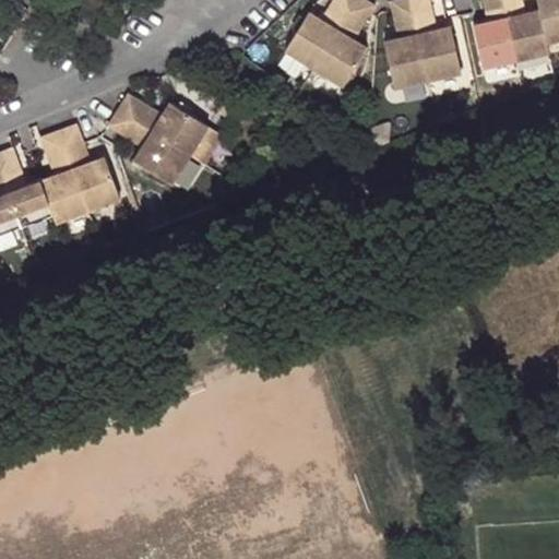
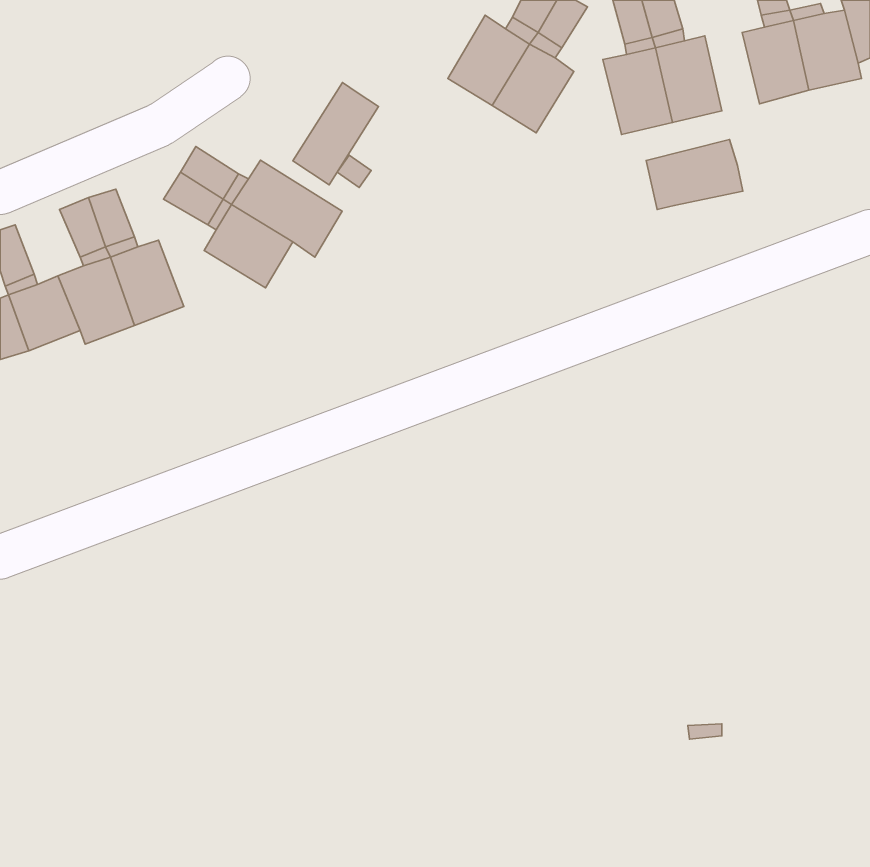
building: none -> [293,83,379,185]
building: none -> [646,140,743,209]

